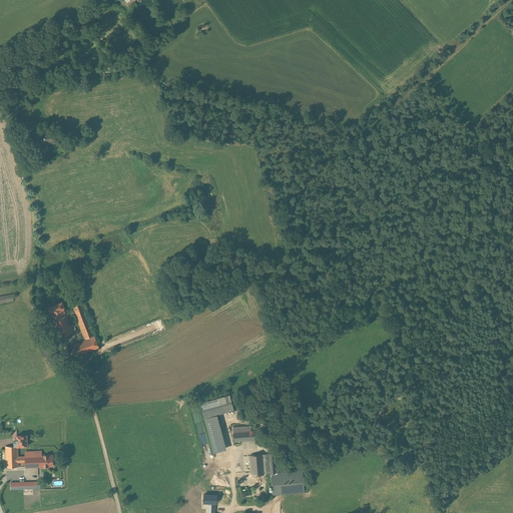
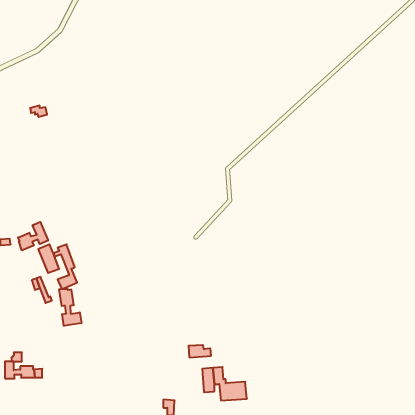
building: none -> [18,222,48,250]
building: none -> [59,289,81,326]
building: [200,395,233,452] -> none

